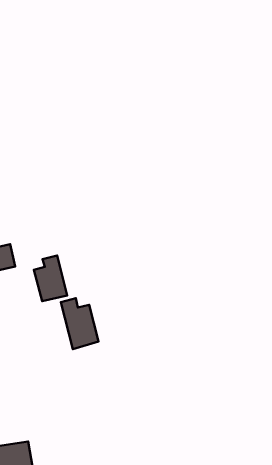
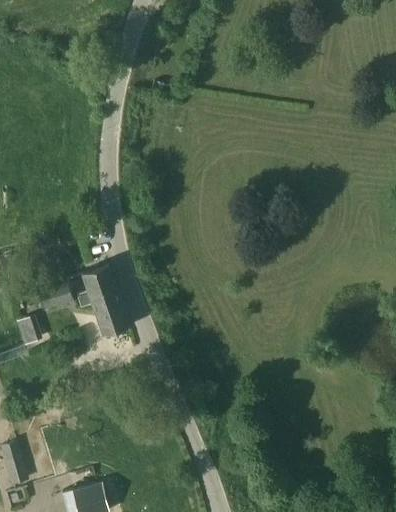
building: none -> [77,265,116,308]
building: [61,298,99,349] -> none

